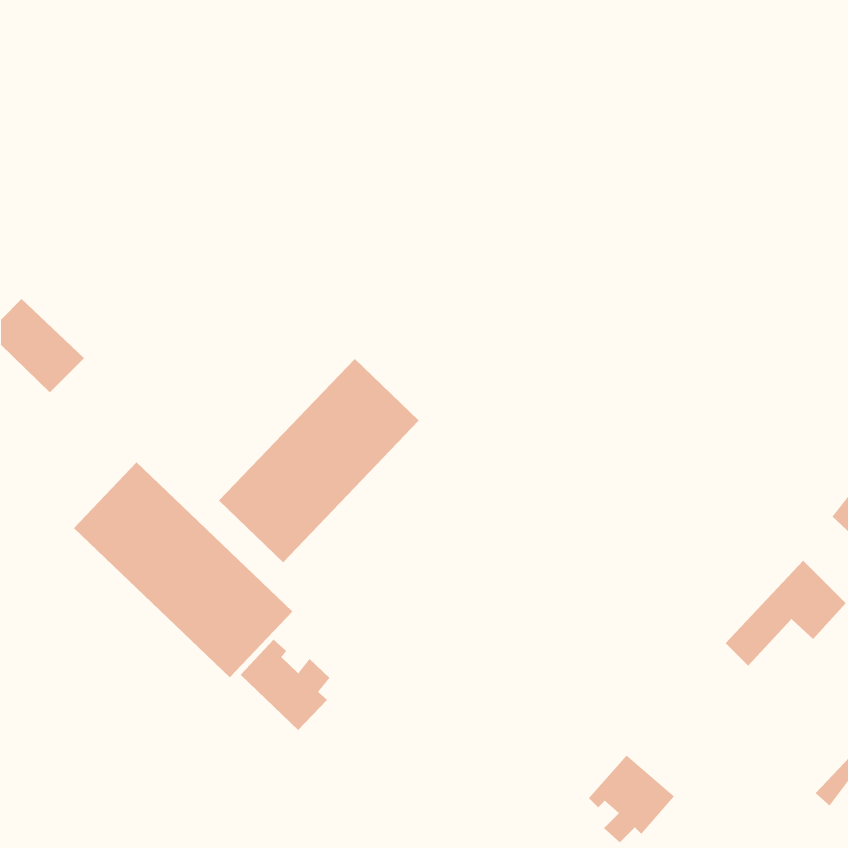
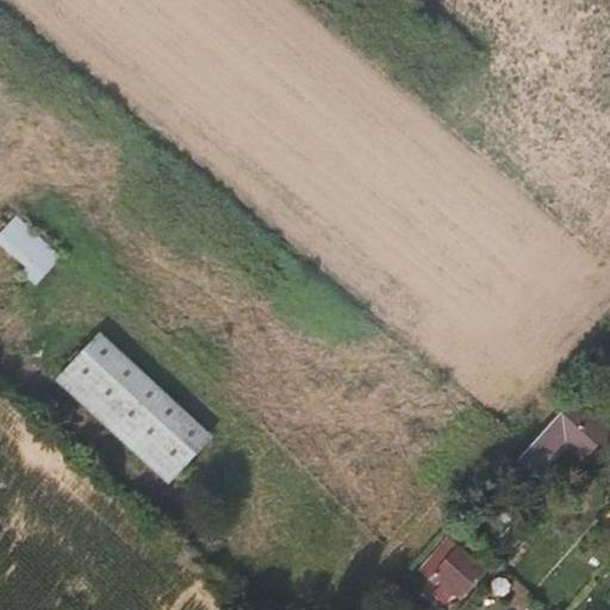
building: [218,358,420,563] -> none
building: [240,639,330,731] -> none

